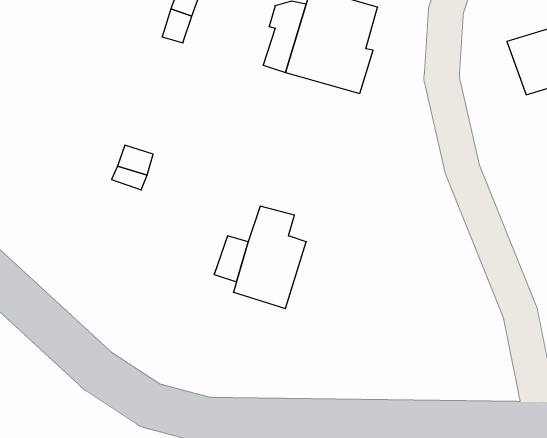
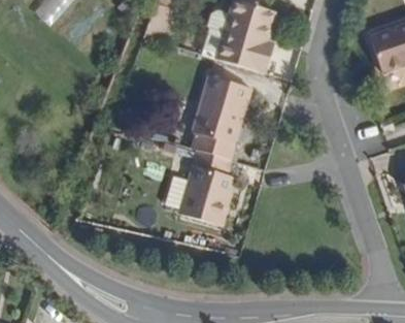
building: none -> [187,86,240,165]

